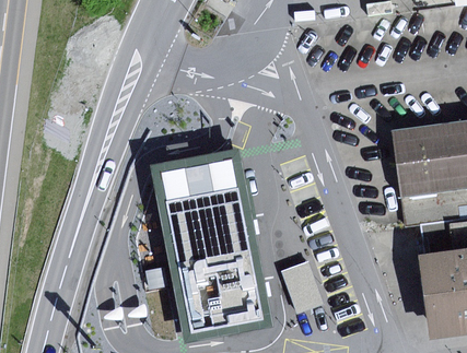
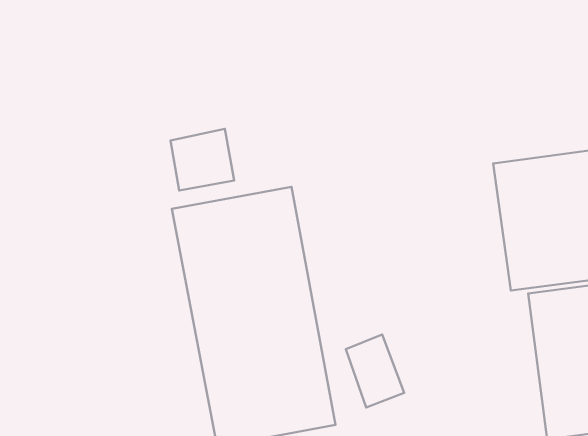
building: none -> [171,129,234,190]

